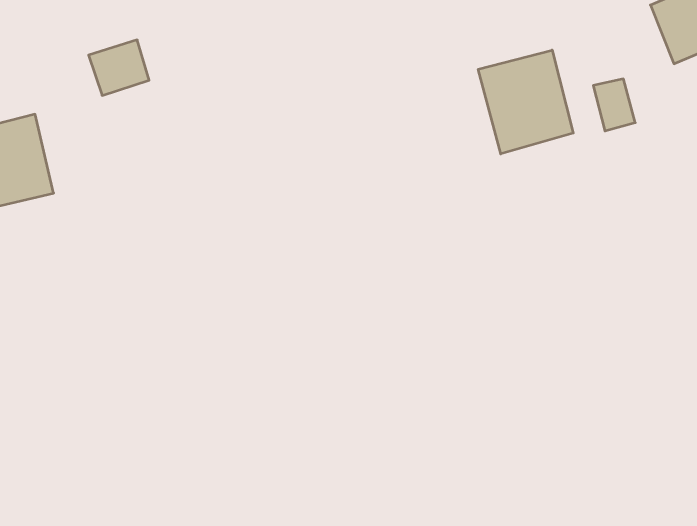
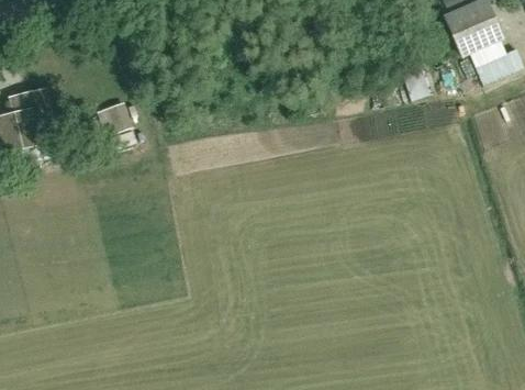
building: [89,40,149,95] -> [98,100,137,136]
building: [478,50,573,154] -> none

